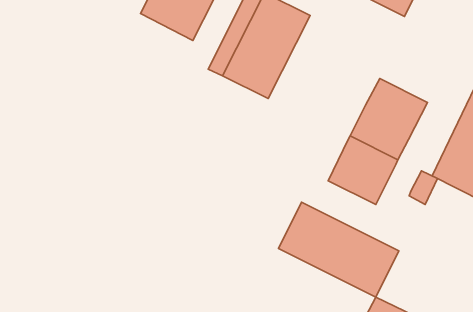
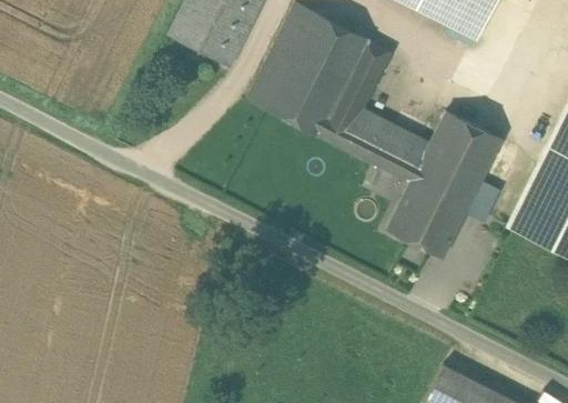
building: none -> [318,39,432,183]
building: [409,171,438,204] -> [467,183,500,222]
building: [279,202,399,297] -> none

